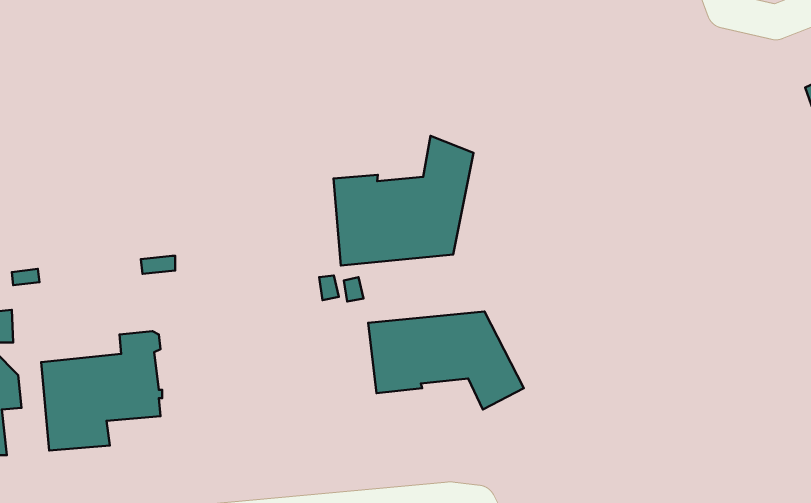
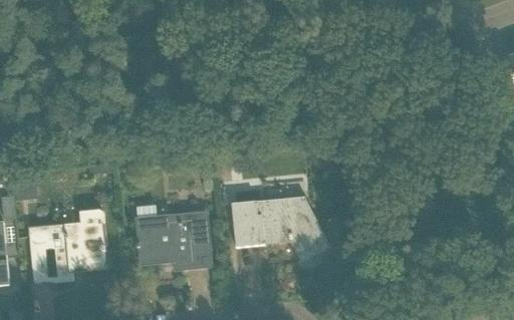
building: [333,136,474,266] -> none
building: none -> [136,204,211,269]

